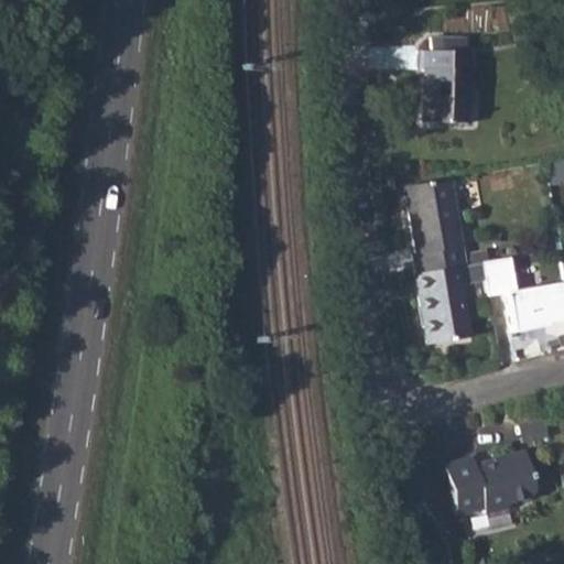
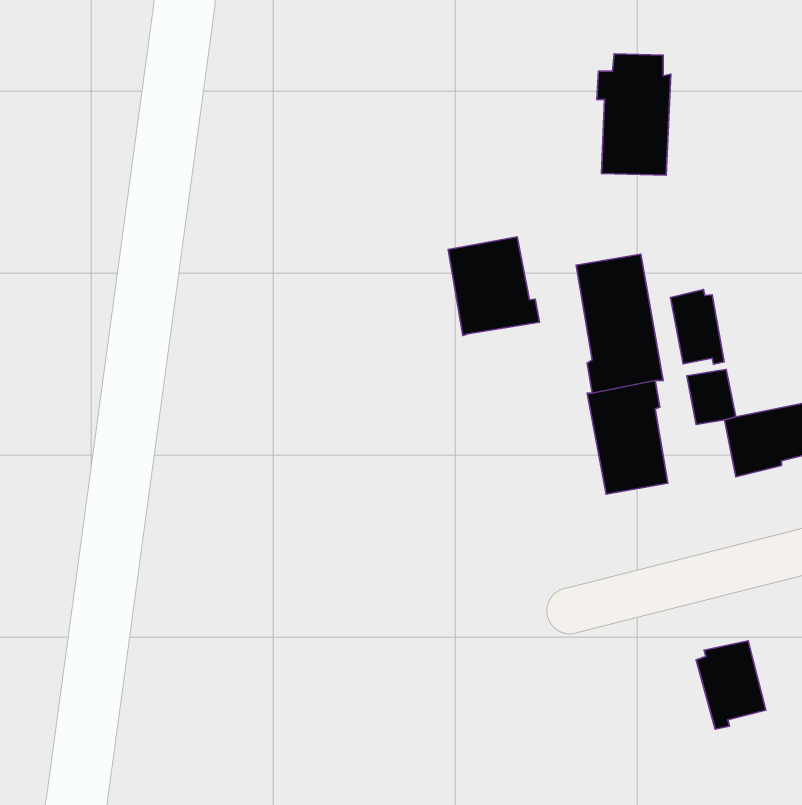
building: none -> [448,237,539,335]
building: none -> [670,290,724,364]
building: [447,454,502,514] -> none

